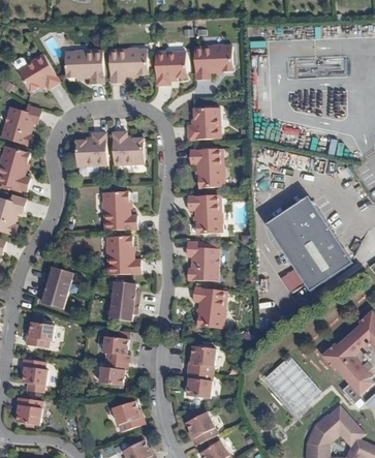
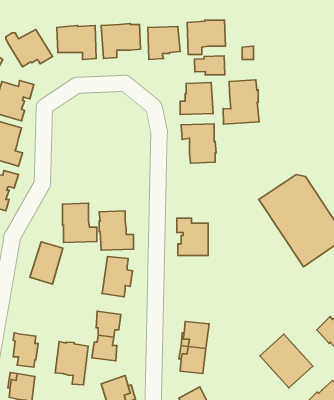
building: none -> [194,56,225,75]
building: none -> [223,80,259,124]
building: [112,131,144,164] -> none
building: [75,132,106,165] -> none
building: [103,190,137,230] -> [63,203,97,243]
building: [187,193,222,233] -> none
building: [189,286,223,327] -> none
building: [29,320,54,347] -> none
building: none -> [55,342,88,385]

